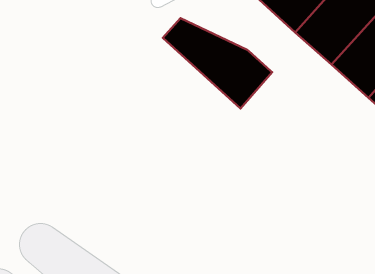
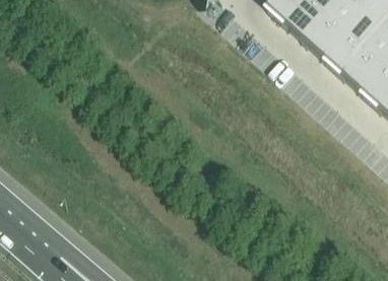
building: [163,18,272,108] -> none

